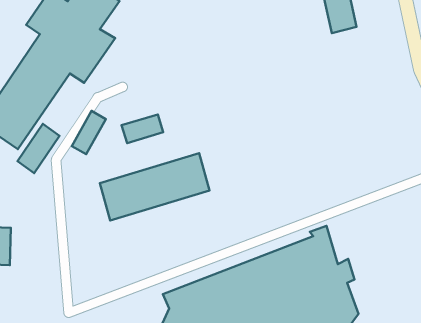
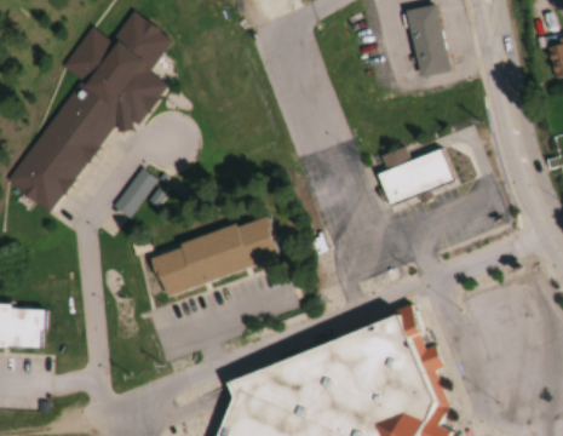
building: none -> [378,148,453,205]
building: [122,114,163,143] -> none
building: [17,124,60,173] -> none

